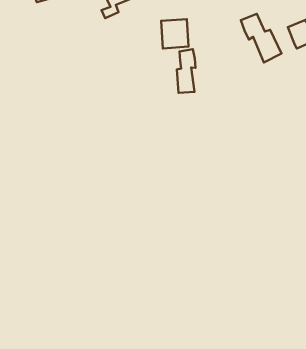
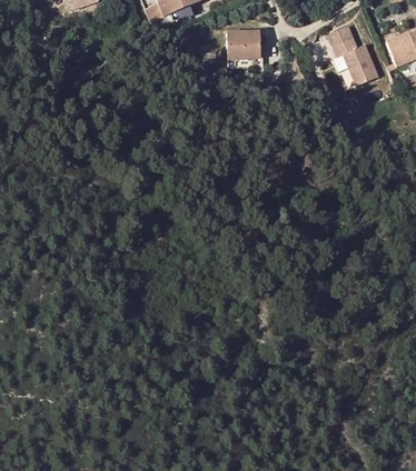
building: [177,49,195,93] -> none

